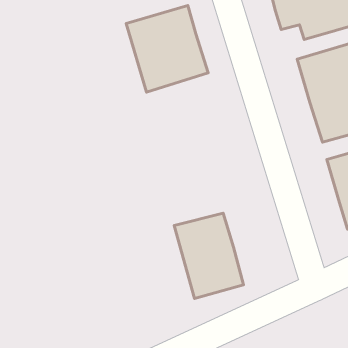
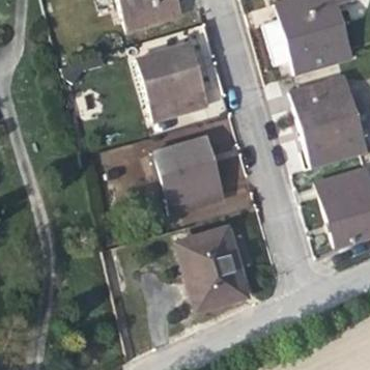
building: none -> [152,136,226,214]

